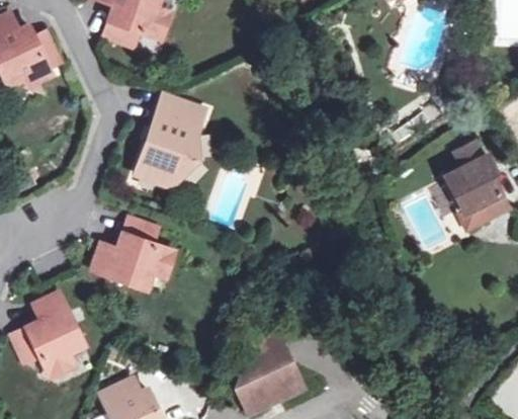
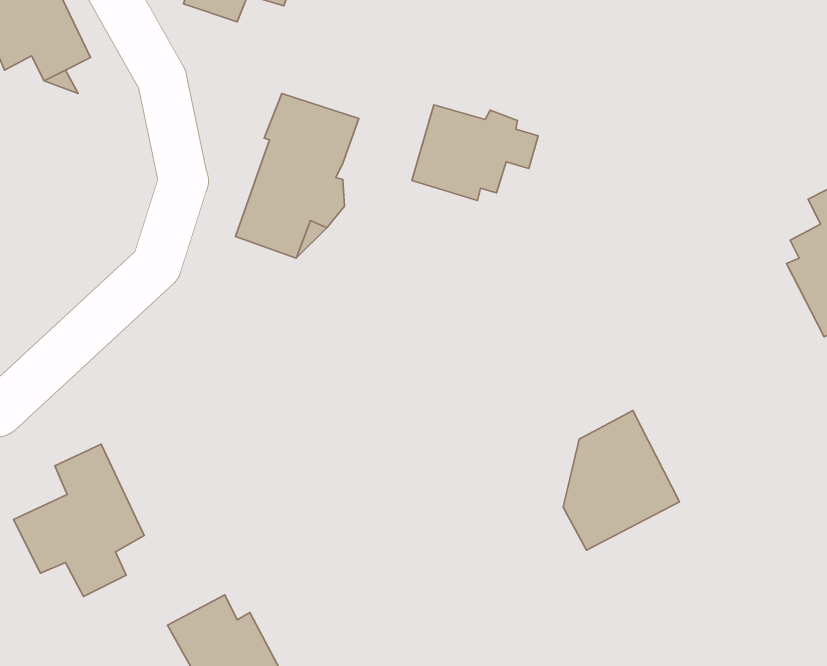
building: none -> [412,105,538,201]
building: [91,216,173,287] -> none
building: [237,331,303,410] -> [563,411,679,550]

